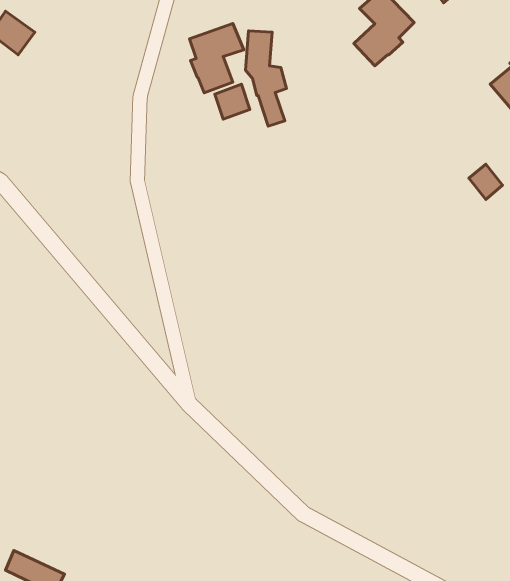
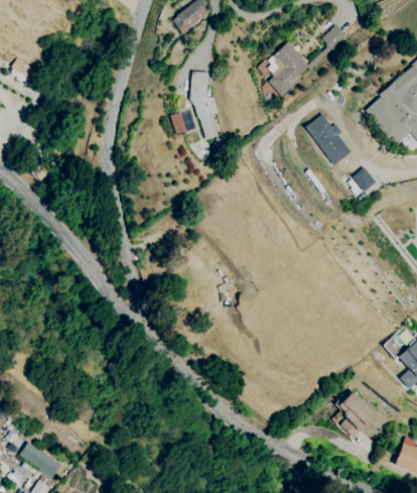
building: [190,23,244,93] -> none
building: none -> [302,112,351,165]
building: none -> [332,389,376,438]

